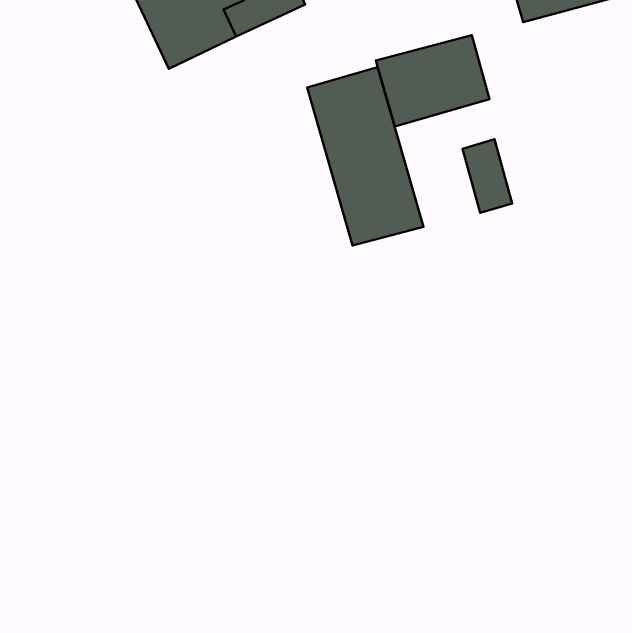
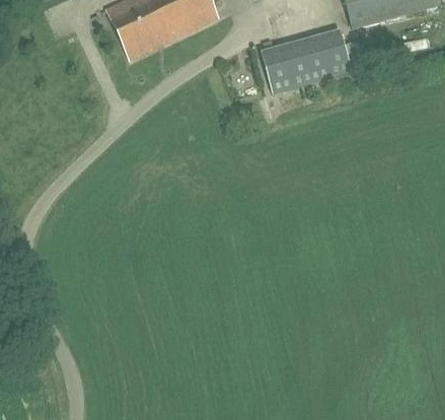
building: [307,67,424,246] -> none
building: [463,139,512,213] -> [321,28,353,75]

